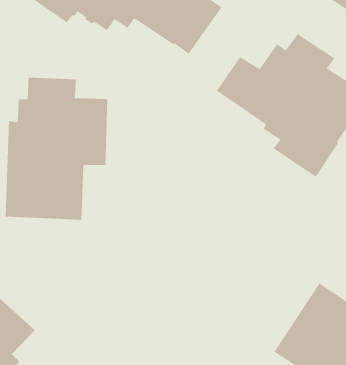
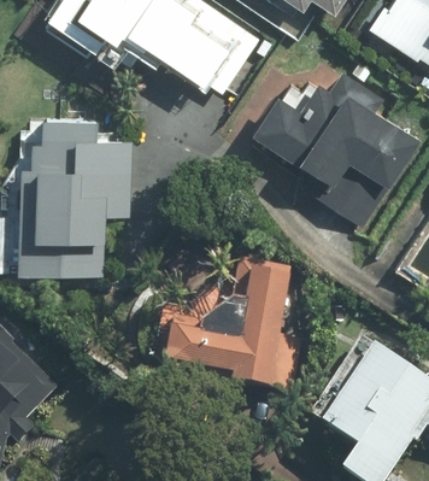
building: none -> [169,268,301,397]

